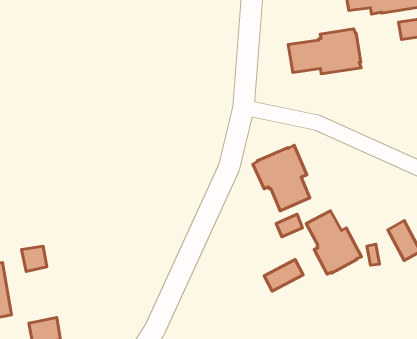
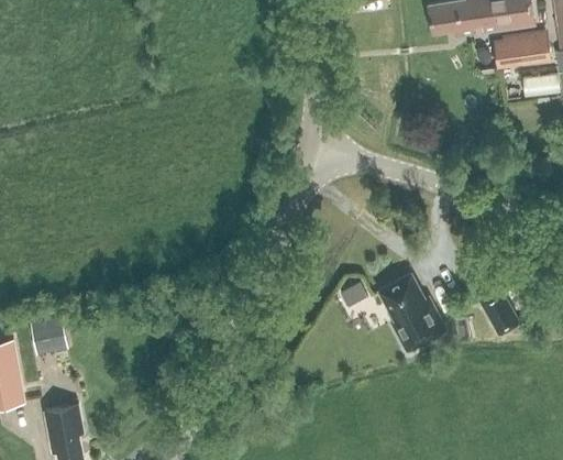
building: [288,29,361,74] -> none
building: [253,145,310,211] -> none
building: [264,259,303,291] -> none

